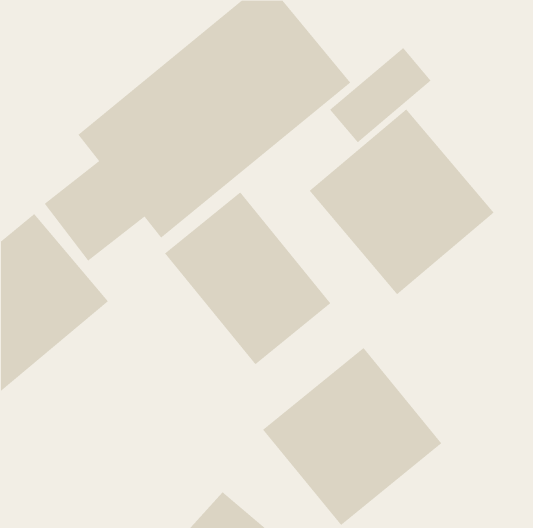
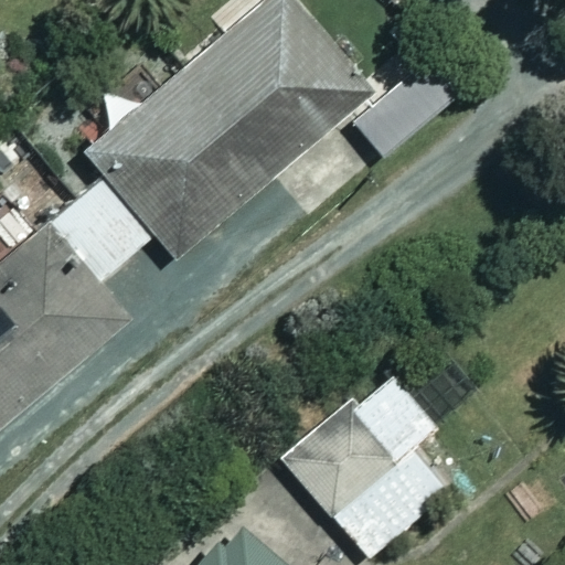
building: [309,108,495,295] -> none
building: [164,192,331,365] -> none

